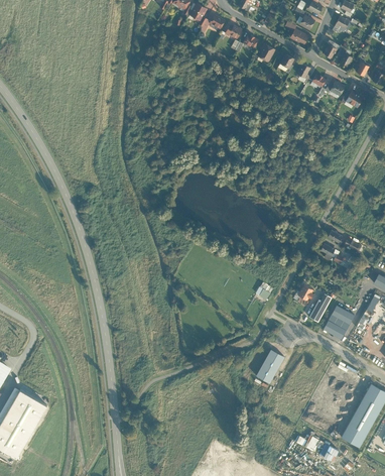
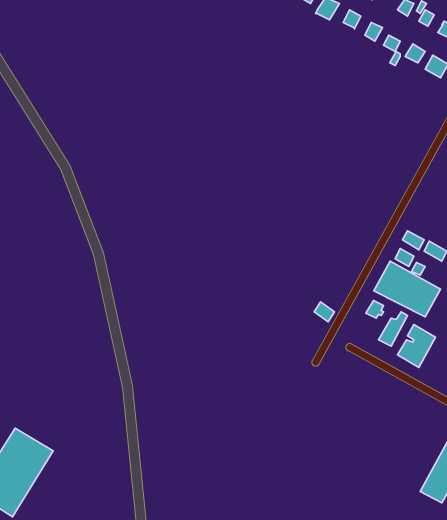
building: none -> [374,261,440,317]
building: [255,349,283,383] -> none

